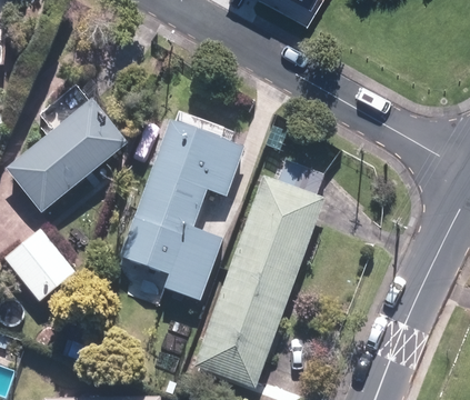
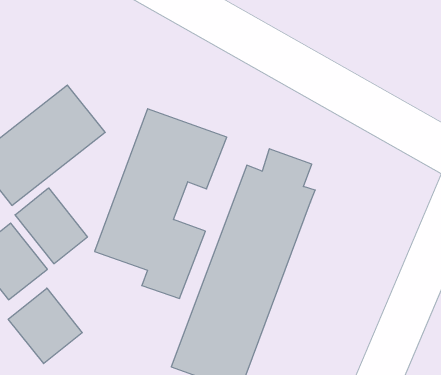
building: none -> [15,188,87,264]
building: none -> [8,288,82,364]

